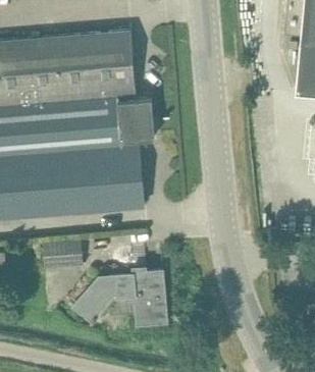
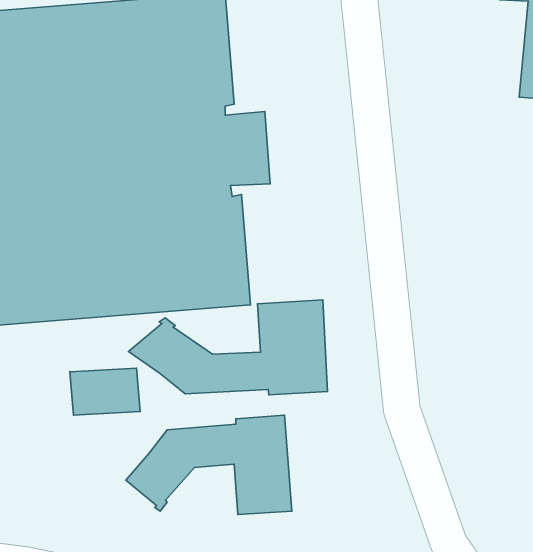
building: none -> [129,300,328,395]

